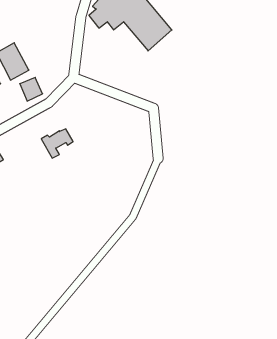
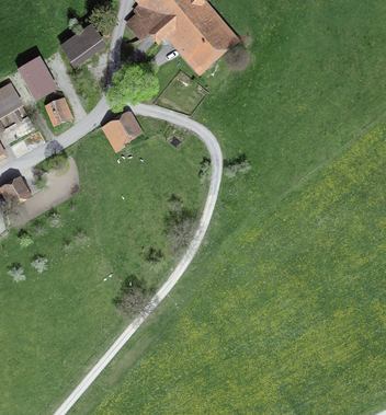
building: none -> [64,27,101,60]
building: [41,129,73,158] -> [104,115,143,150]

